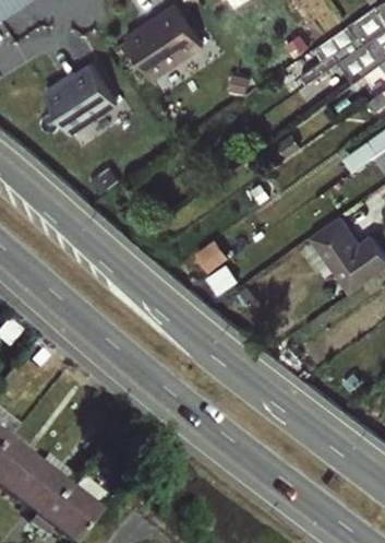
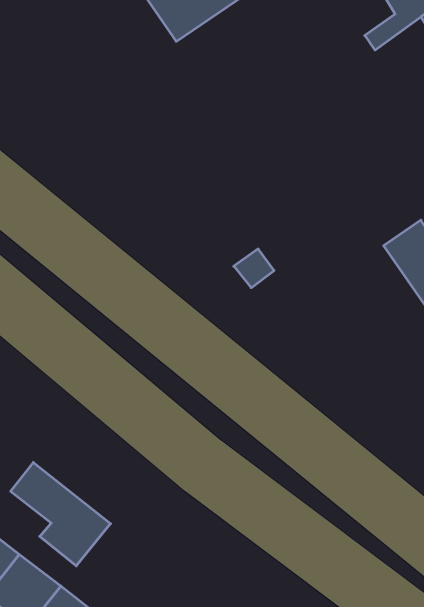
building: [52,59,124,130] -> none
building: none -> [11,462,111,566]

